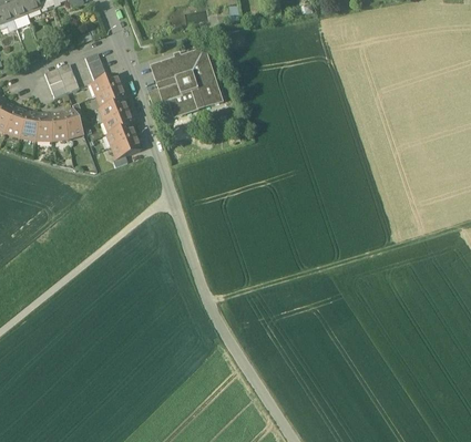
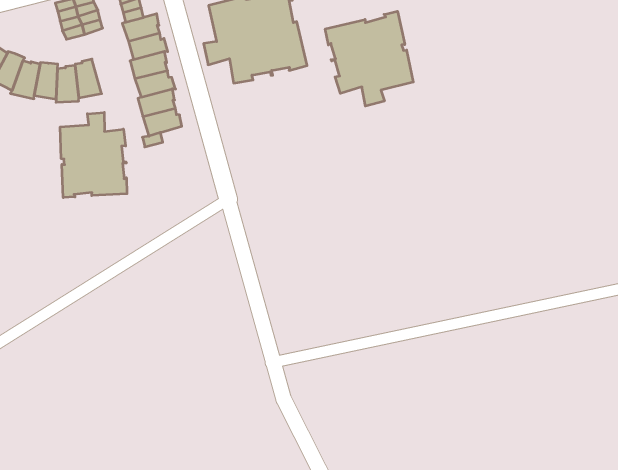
building: none -> [325,11,413,106]
building: none -> [60,112,127,198]

